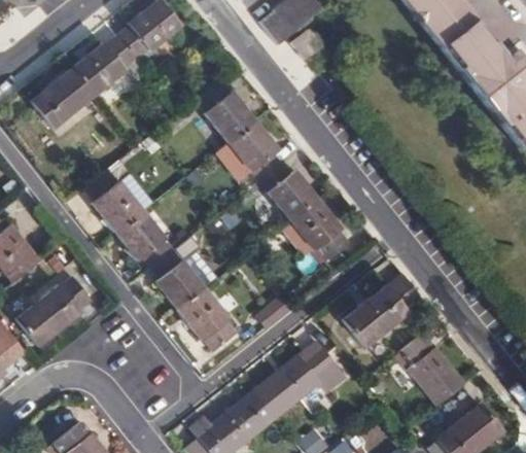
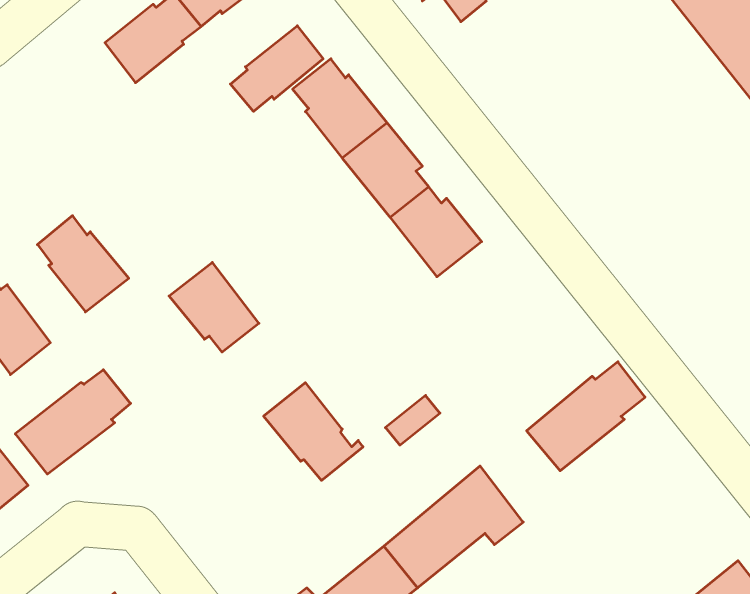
building: none -> [230,26,323,111]
building: [33,69,94,127] -> none
building: [84,170,143,232] -> [37,216,129,312]
building: [287,197,349,262] -> none
building: [149,249,203,309] -> none
building: [400,332,464,403] -> none

